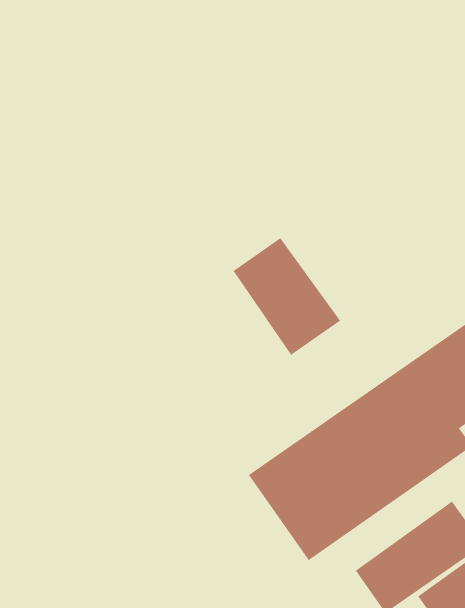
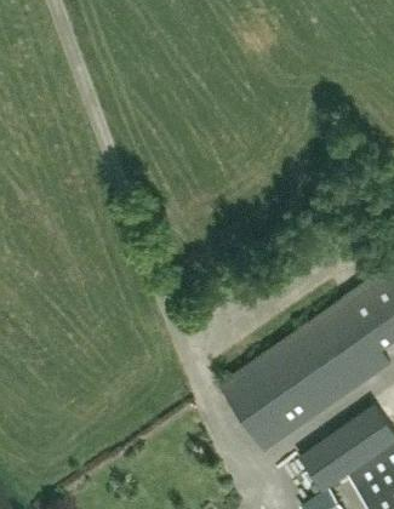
building: [232,237,341,356] -> none

